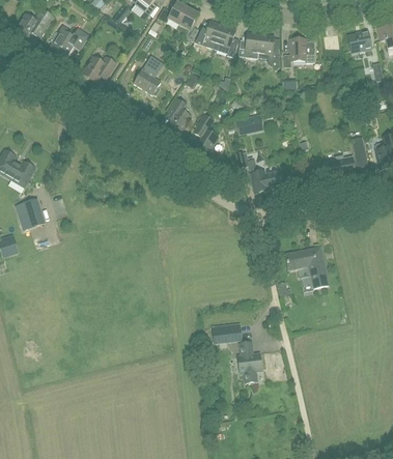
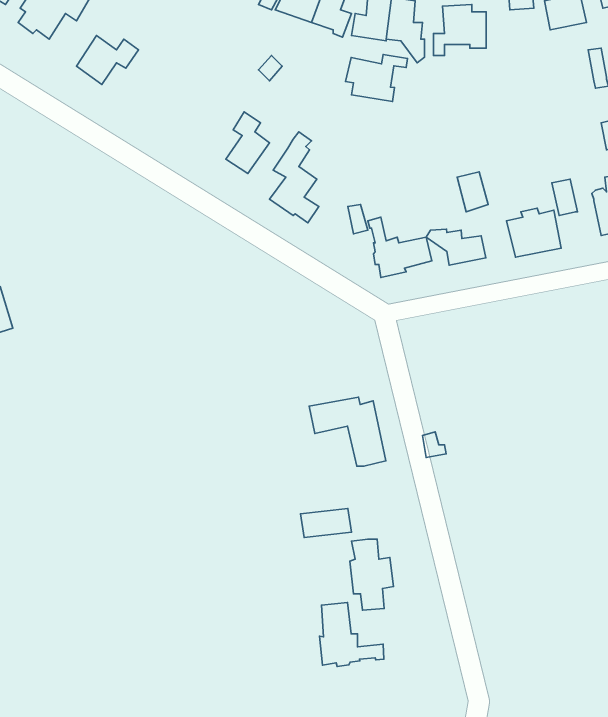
building: [133,50,162,92] -> none
building: none -> [345,55,407,101]
building: none -> [426,229,486,265]
building: [285,247,329,286] -> [309,397,386,466]
building: none -> [319,603,384,667]

